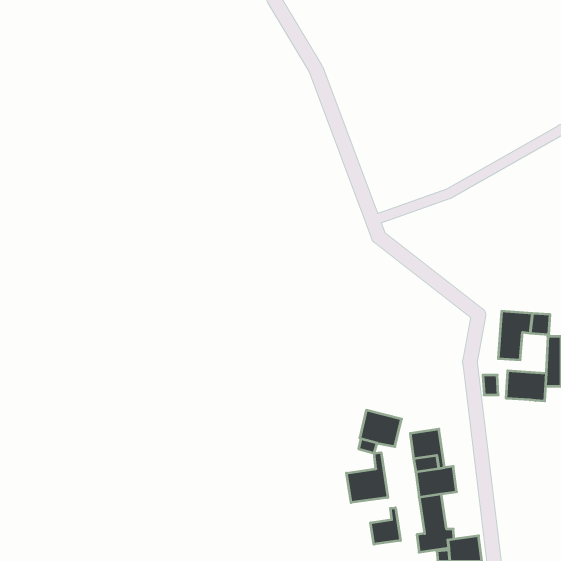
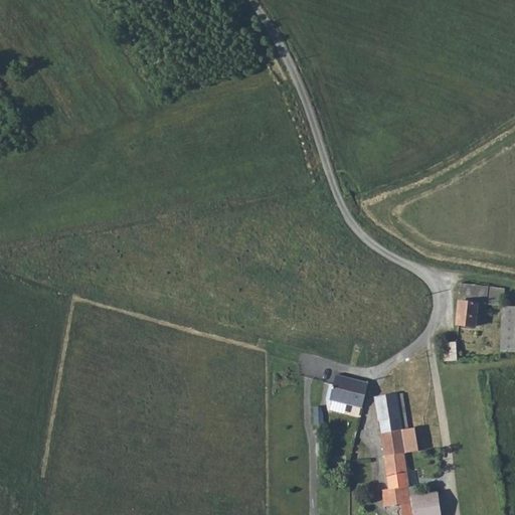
building: [506,371,546,401] -> none
building: [346,453,388,503] -> none
building: [371,508,400,544] -> none

